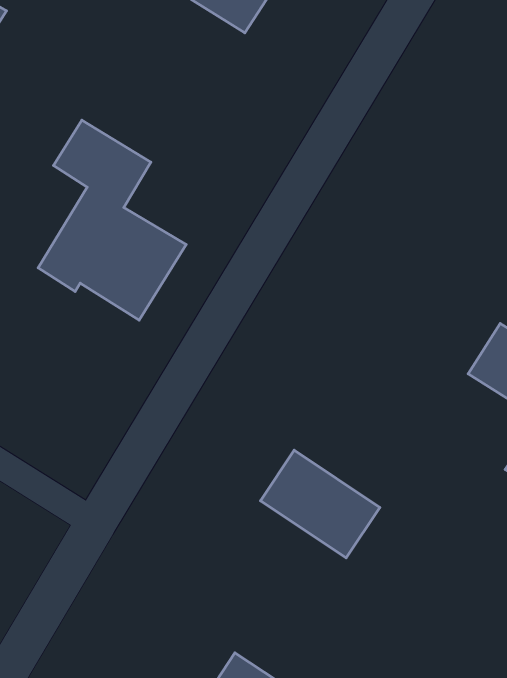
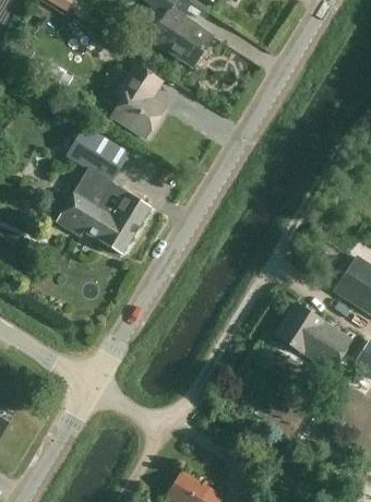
building: none -> [111,64,166,139]
building: [261,450,380,558] -> [275,301,352,371]

